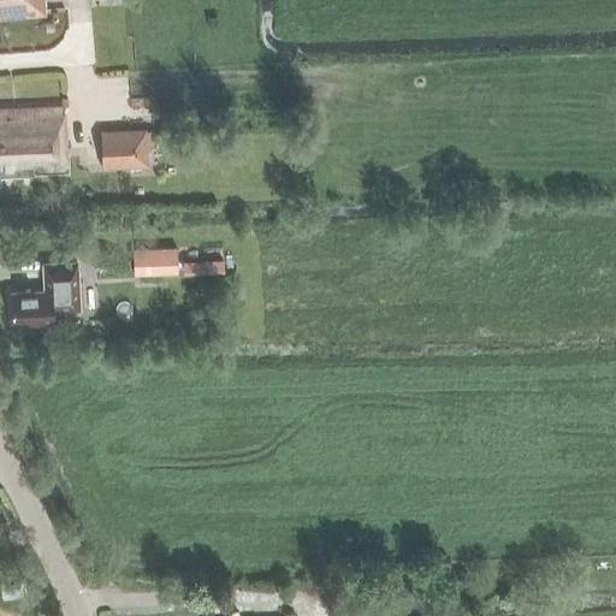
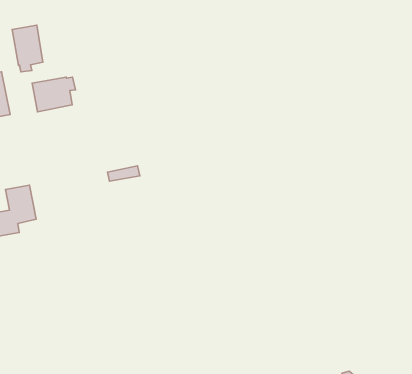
building: none -> [12,25,43,72]
building: [130,247,176,274] -> none

